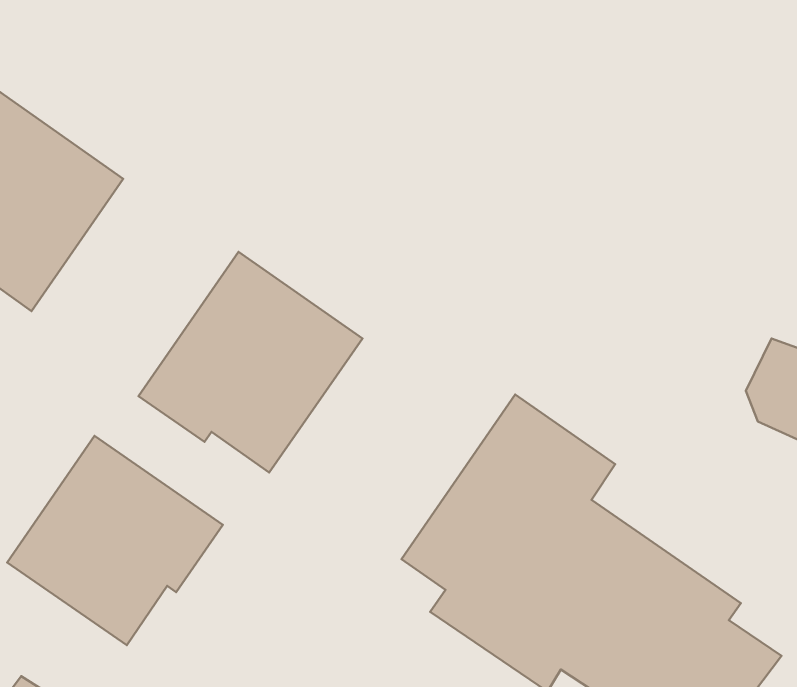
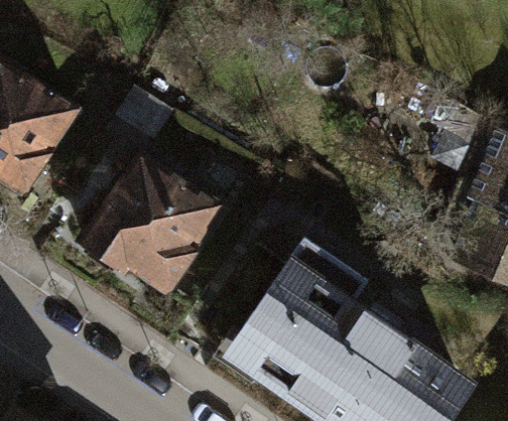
building: [7,436,223,645] -> none

